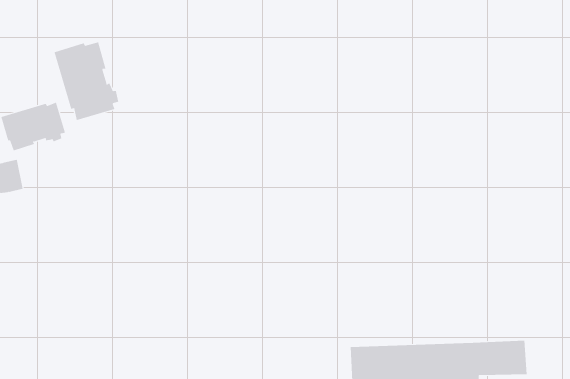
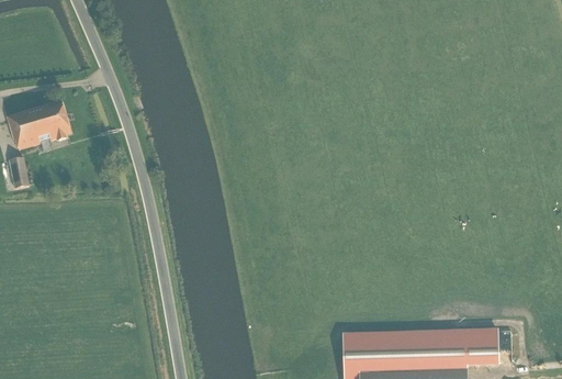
building: [54,42,119,121] -> none

